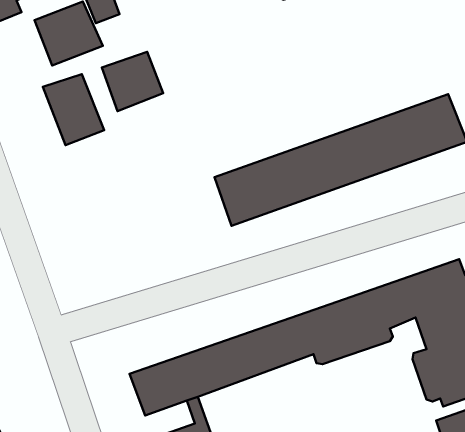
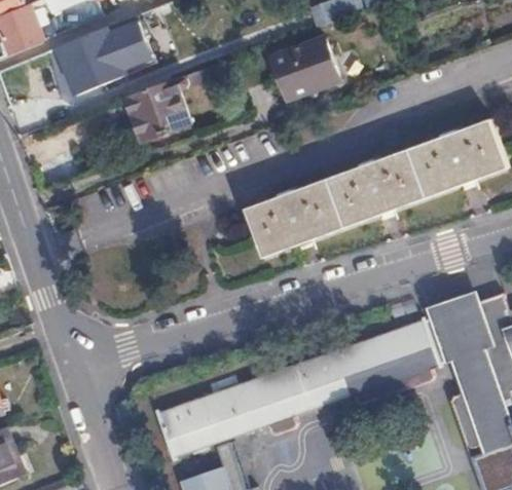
building: none -> [270,36,339,100]
building: [43,74,104,145] -> none

